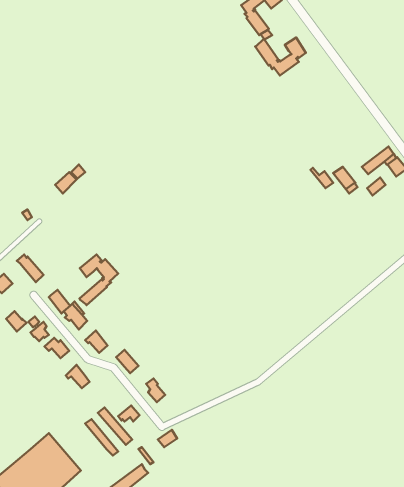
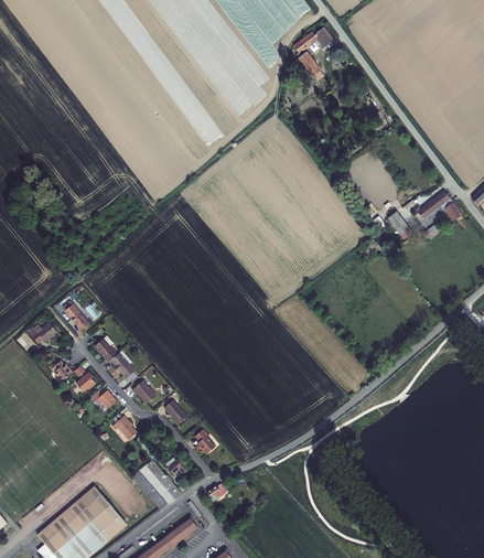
building: [255,37,306,76] -> none
building: [80,255,118,305] -> none

